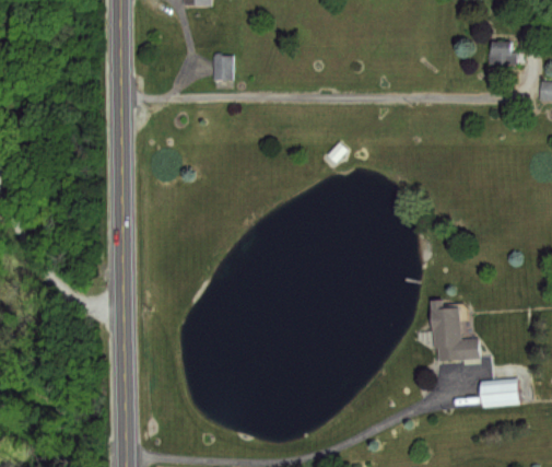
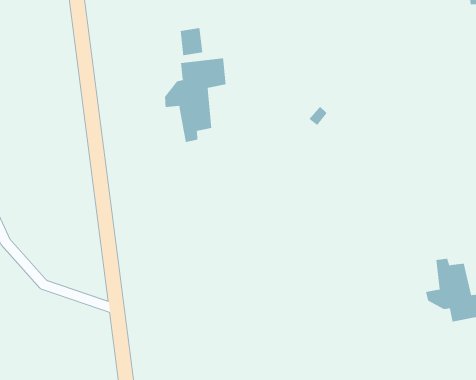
building: none -> [164,58,226,143]

